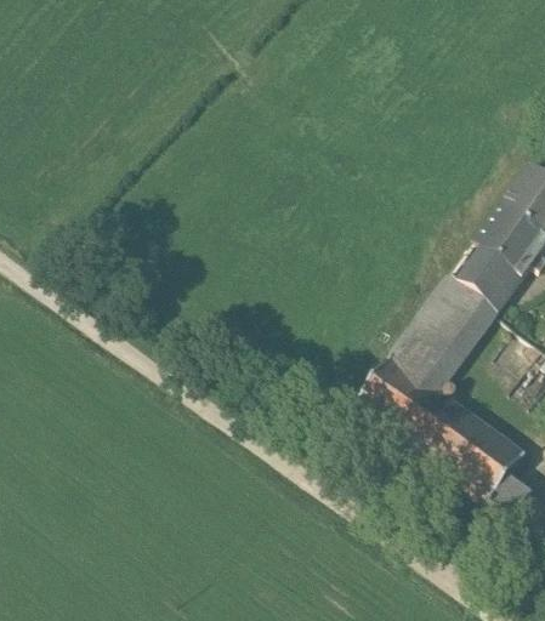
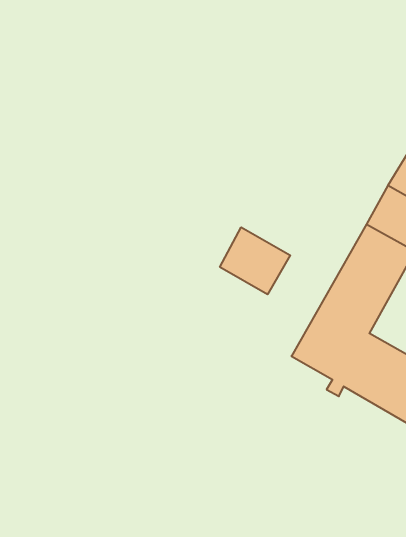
building: none -> [220,227,290,294]

